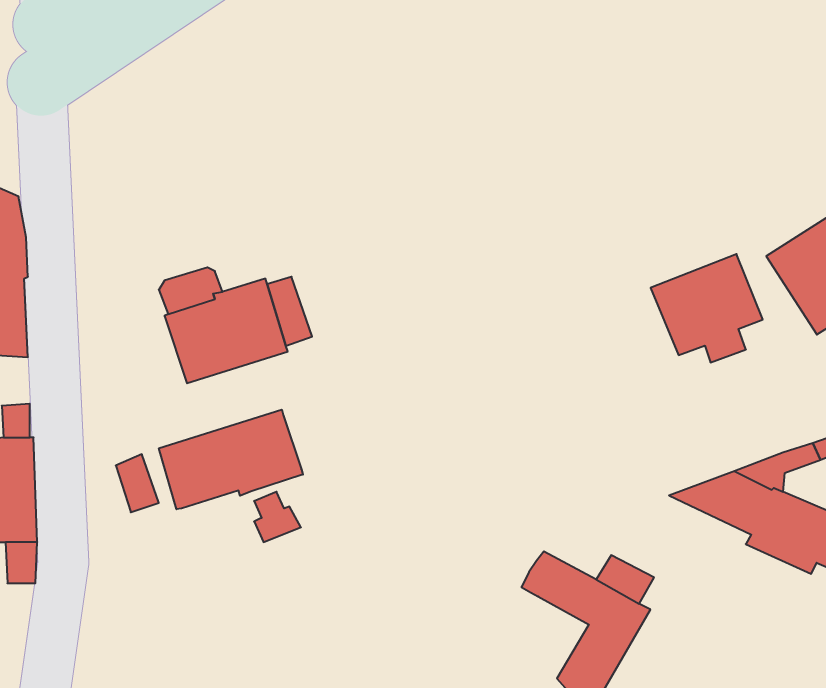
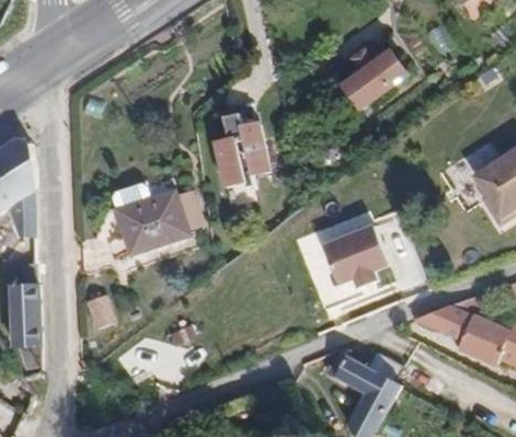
building: none -> [342,48,406,107]
building: none -> [214,112,268,186]
building: [651,254,763,362] -> [326,222,392,286]
building: [159,410,303,509] -> none

